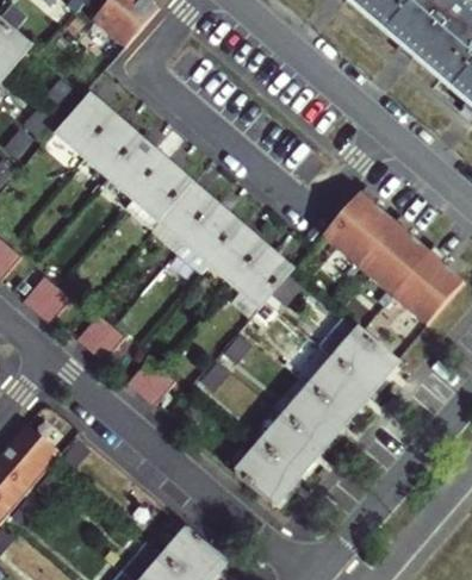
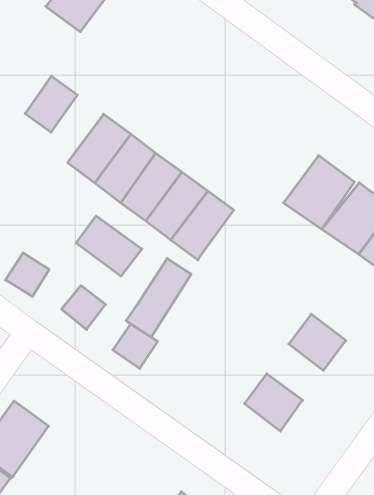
building: [77,116,142,183] -> none
building: none -> [76,216,142,276]
building: [236,245,293,304] -> none
building: none -> [126,258,191,337]
building: [337,328,397,387] -> none
building: [287,386,346,444] -> none
building: [240,443,297,500] -> none

